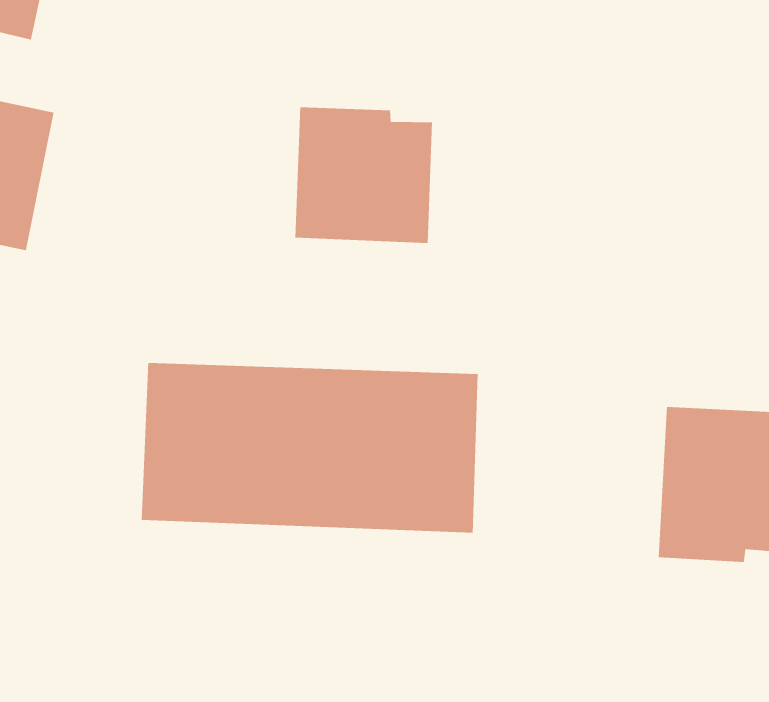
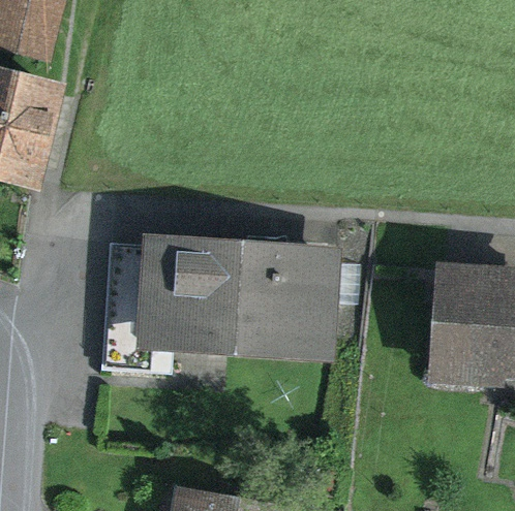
building: [294,106,433,244] -> none

